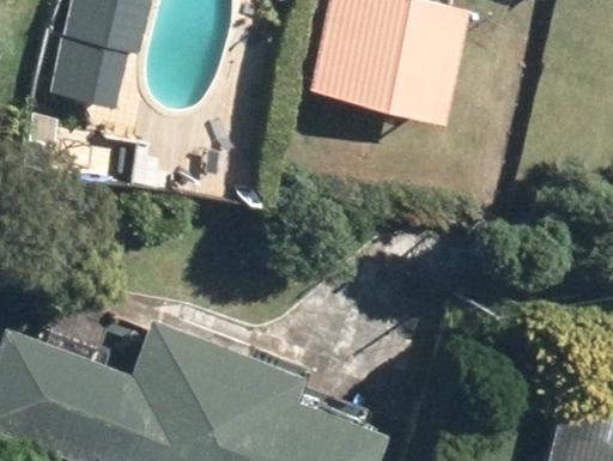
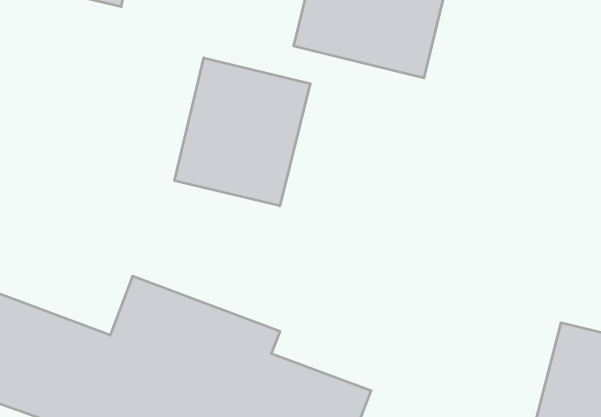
building: none -> [175,58,310,206]

